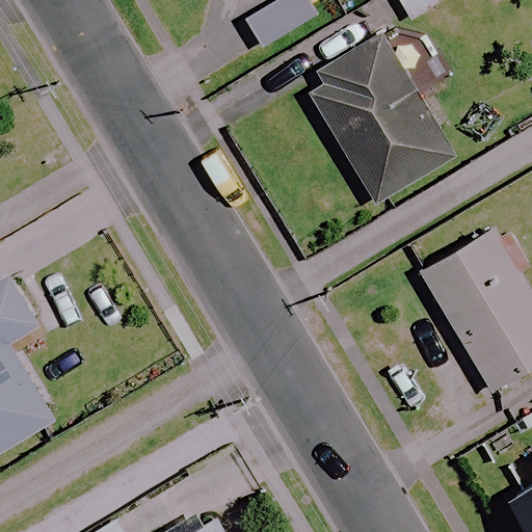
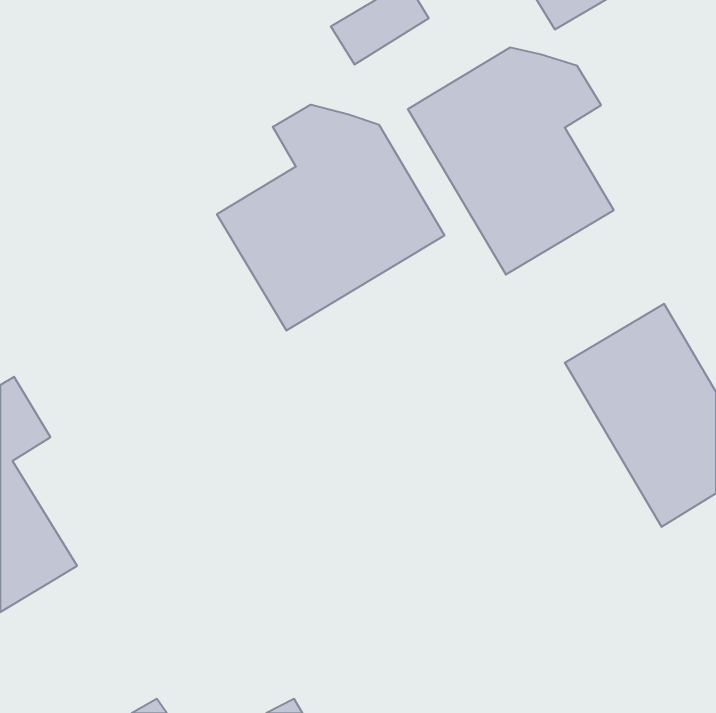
building: none -> [217,105,444,331]

